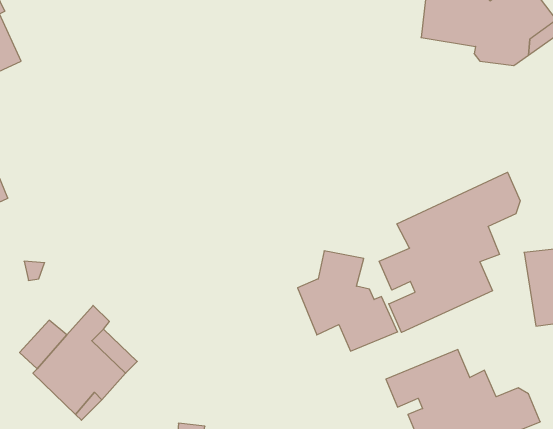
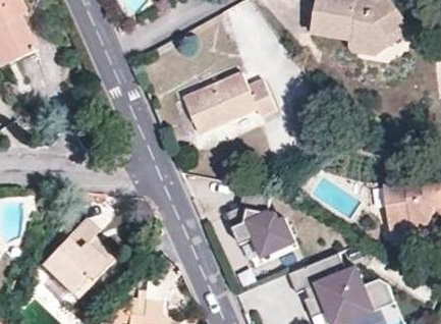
building: none -> [186,71,277,131]
building: [379,172,520,332] -> none

